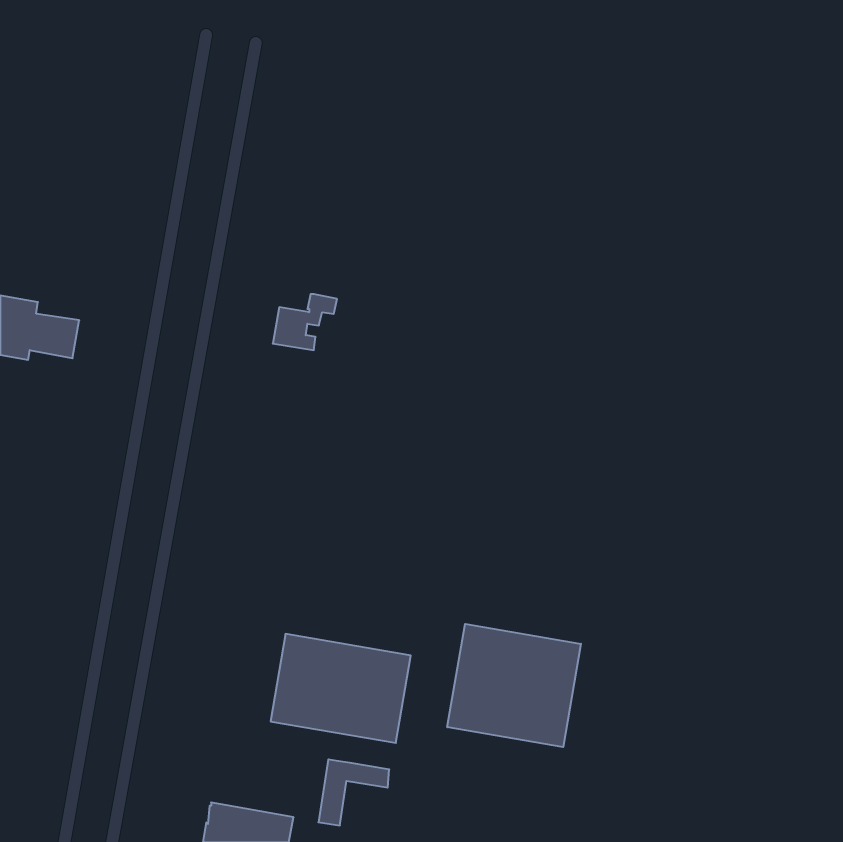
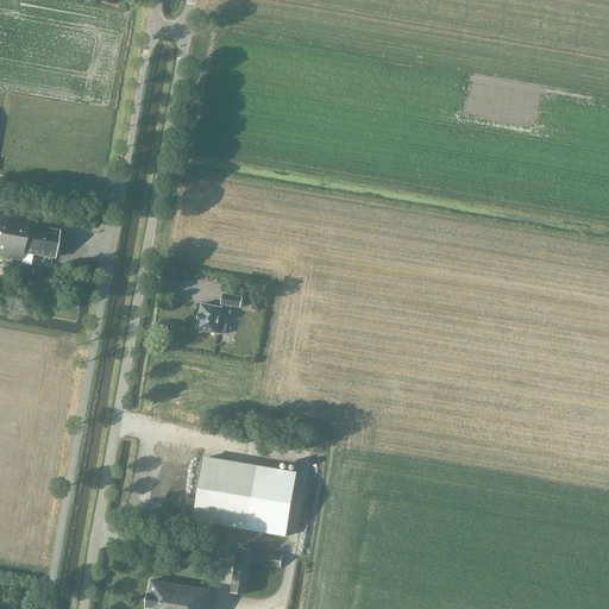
building: [273,294,337,350] -> [195,293,241,333]
building: [447,624,581,747] -> none

